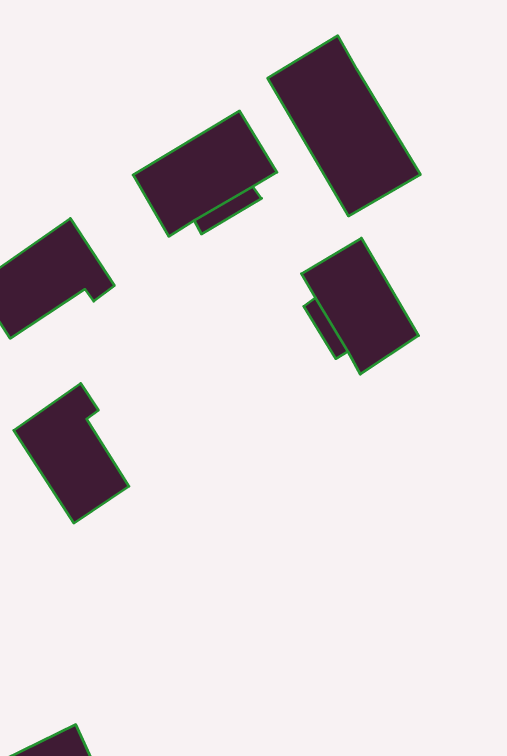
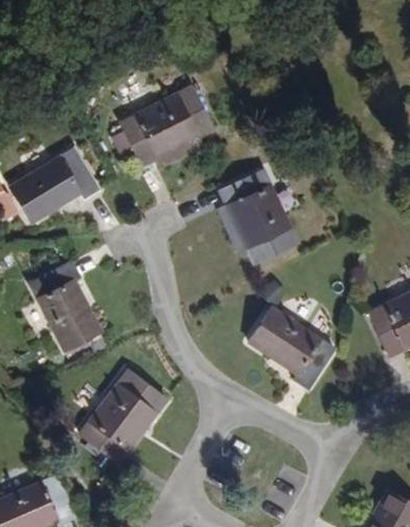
building: [268,36,420,216] -> none
building: none -> [249,309,337,393]
building: none -> [78,372,161,463]

